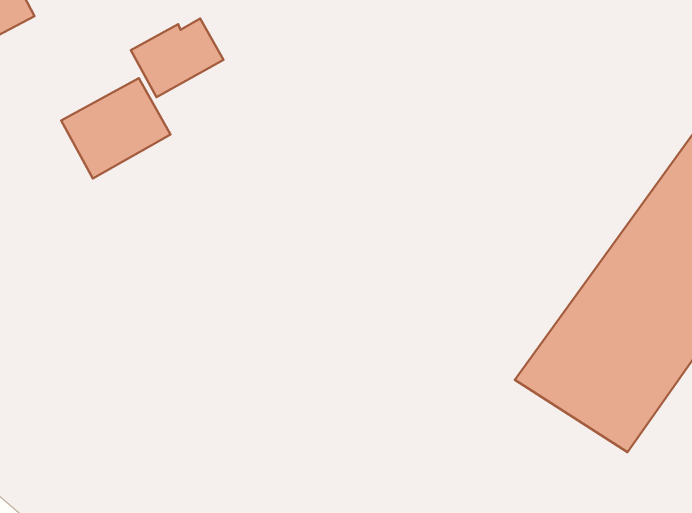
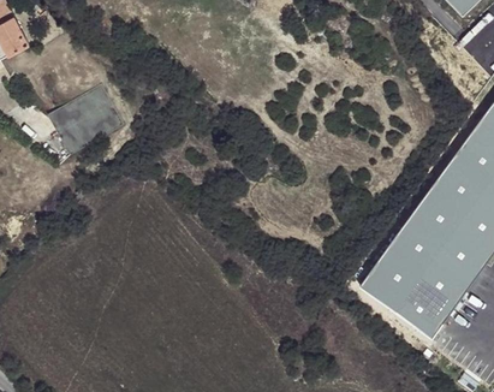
building: [131,18,223,97] -> none

